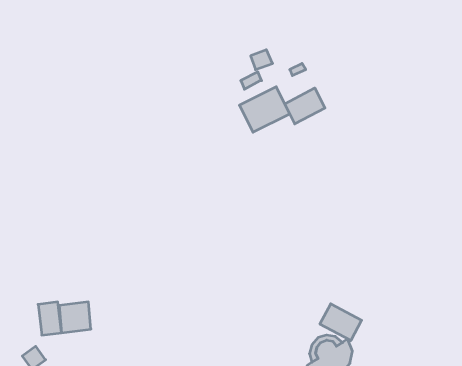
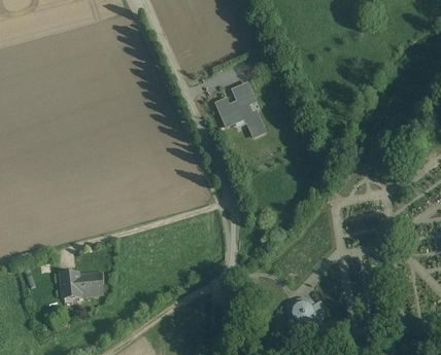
building: [285,88,325,124] -> none
building: [320,304,362,341] -> none

